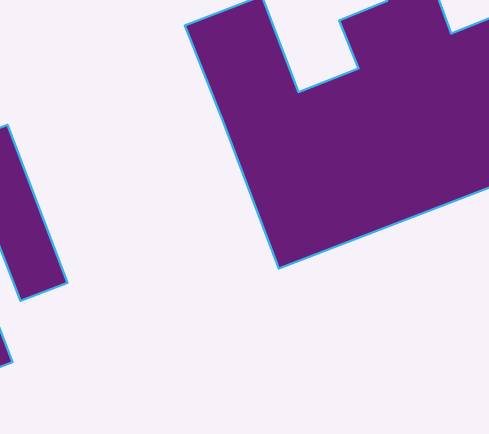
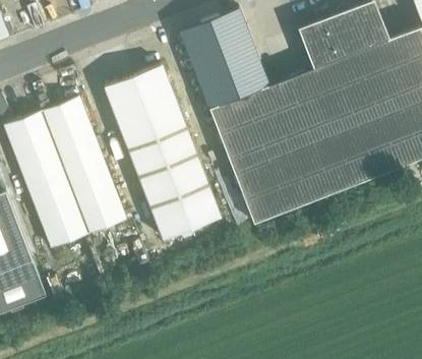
building: none -> [104,65,221,240]
building: none -> [42,97,126,234]

